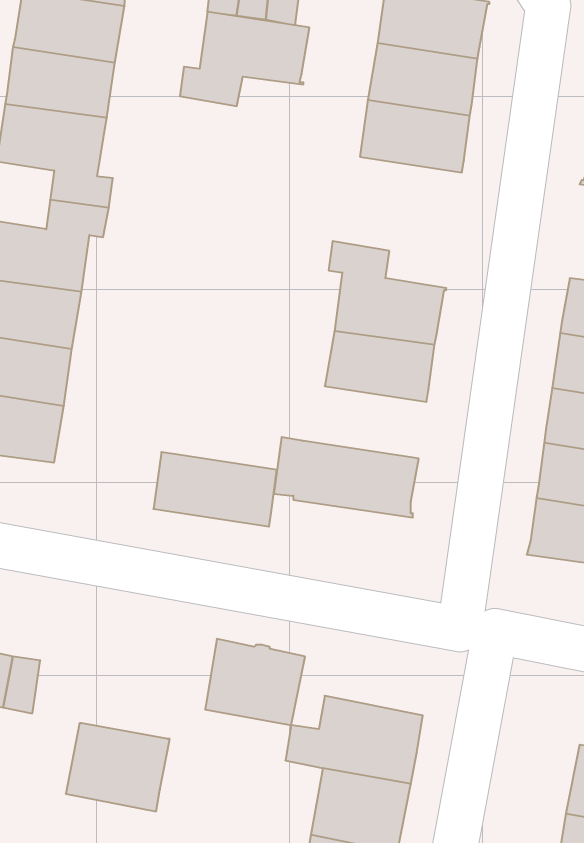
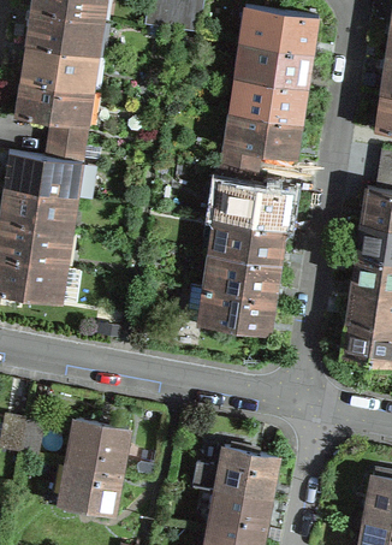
building: [180,12,309,106] -> [221,113,301,171]
building: [153,452,277,527] -> [203,253,279,298]
building: [205,639,305,725] -> [67,417,129,470]

